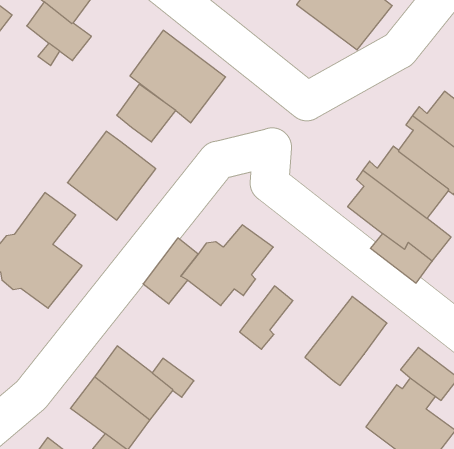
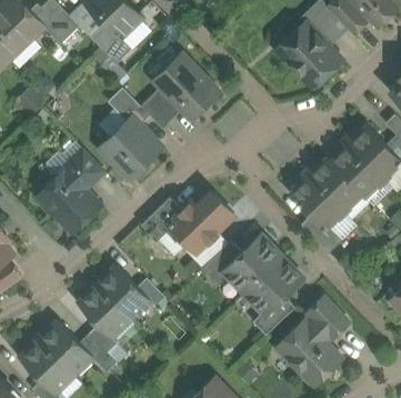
building: none -> [108,87,150,125]
building: none -> [223,233,283,292]
building: none -> [253,297,294,335]

